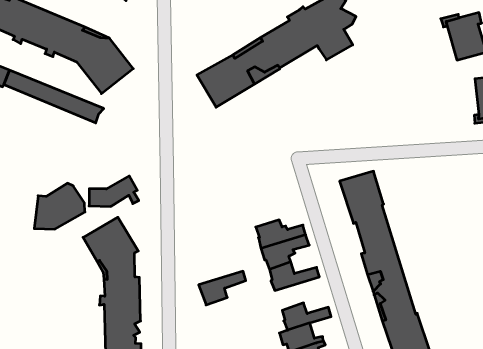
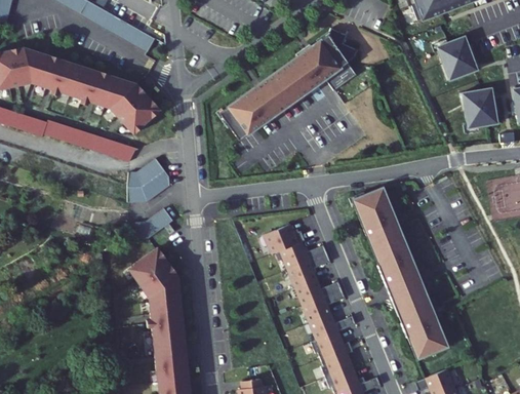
building: [34,183,85,229] -> [128,160,172,203]
building: none -> [267,220,306,248]
building: [199,271,246,305] -> [303,285,345,318]

